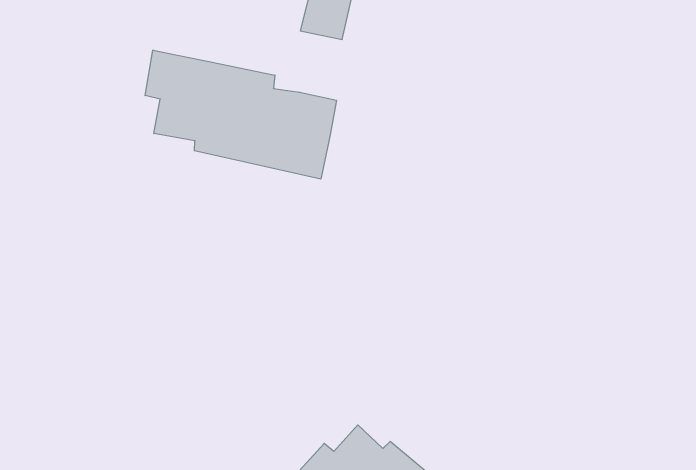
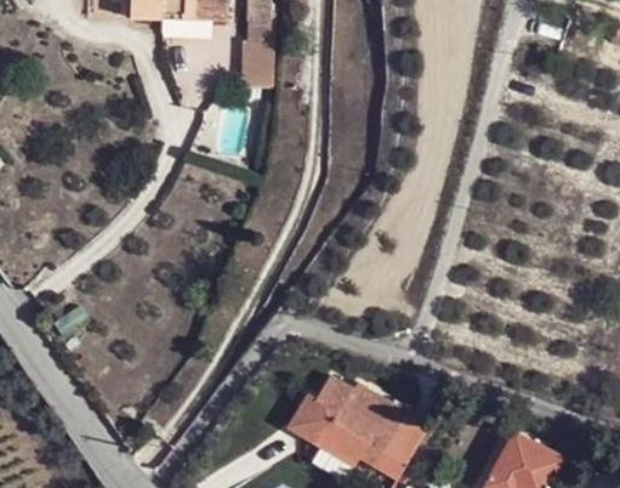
building: [145,50,336,179] -> none

